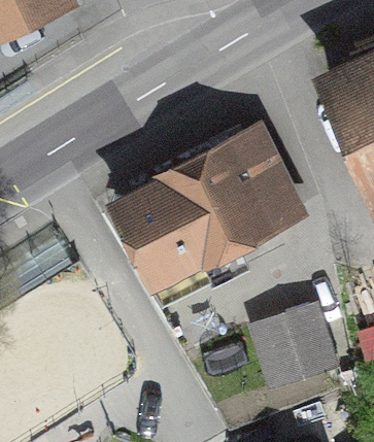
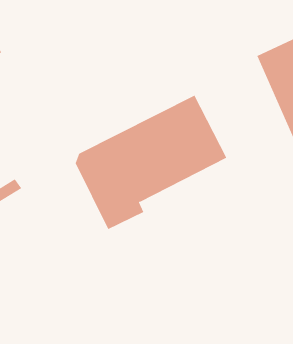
building: [250,308,329,385] -> none

